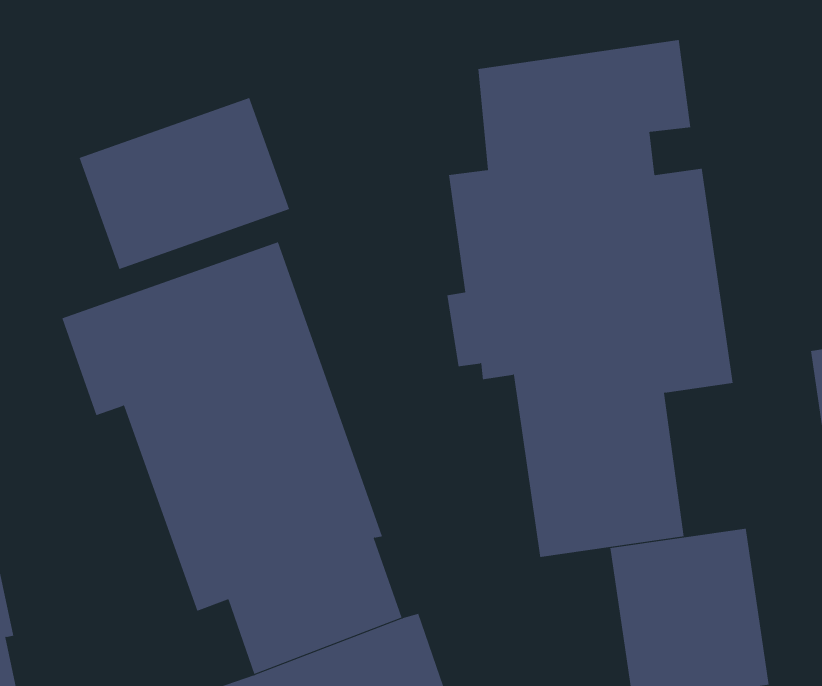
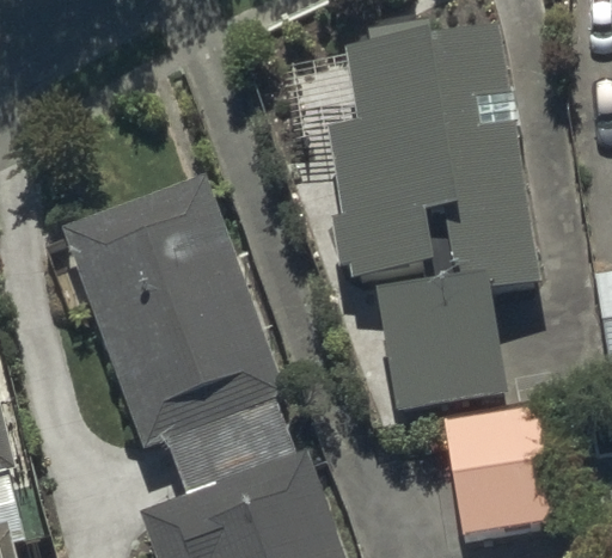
building: [79,97,290,270] -> none

